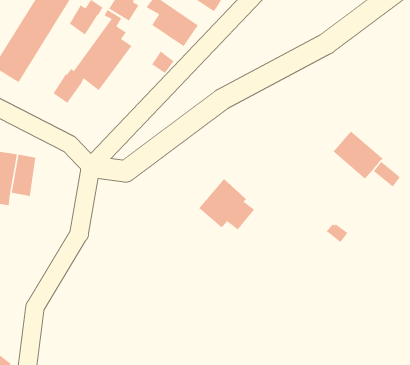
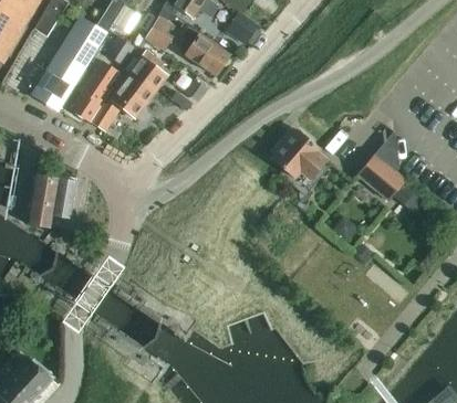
building: none -> [71,60,120,120]
building: [198,178,255,230] -> [273,129,328,179]

